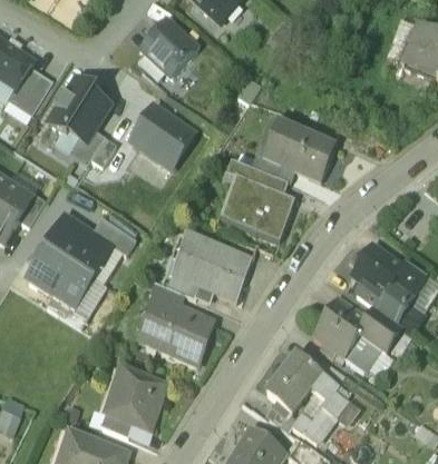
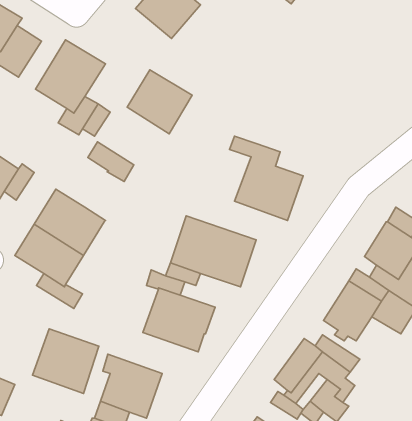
building: [251,121,335,184] -> none
building: [93,218,135,255] -> [88,142,134,182]
building: [343,334,377,368] -> none
building: none -> [33,329,99,393]

